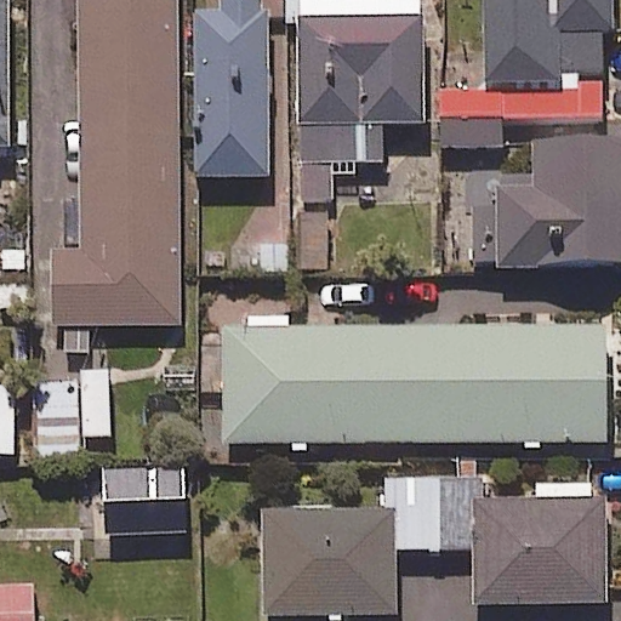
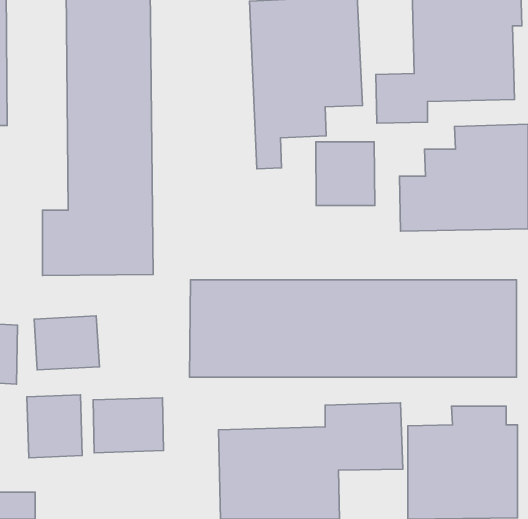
building: [195,7,268,177] -> none
building: none -> [316,142,375,205]
building: none -> [27,395,82,458]

